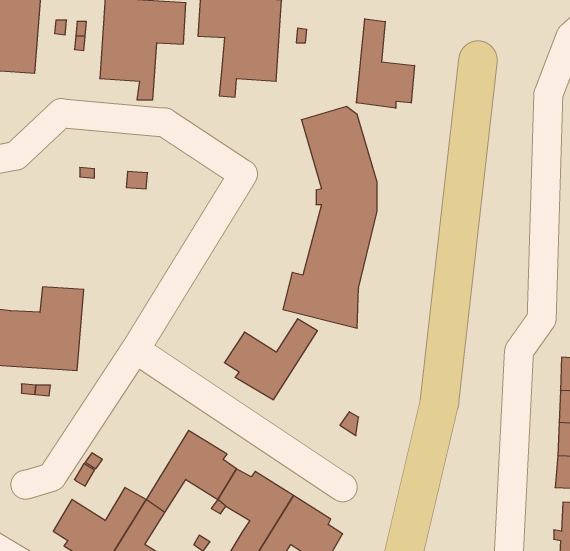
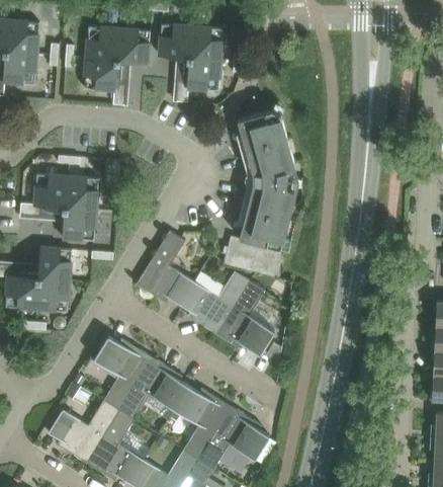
building: [357,19,414,108] -> none
building: none -> [20,175,99,241]
building: none -> [137,232,194,306]
building: none -> [216,281,274,355]
building: none -> [94,337,152,410]

